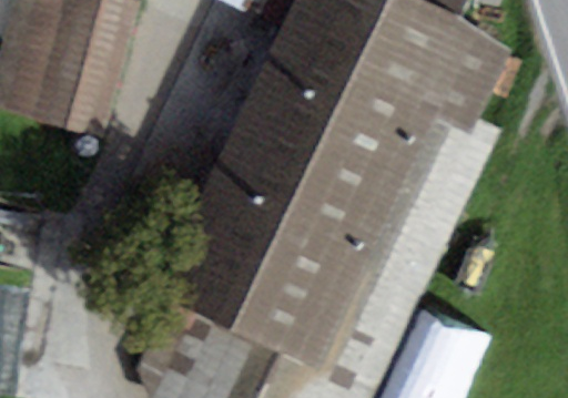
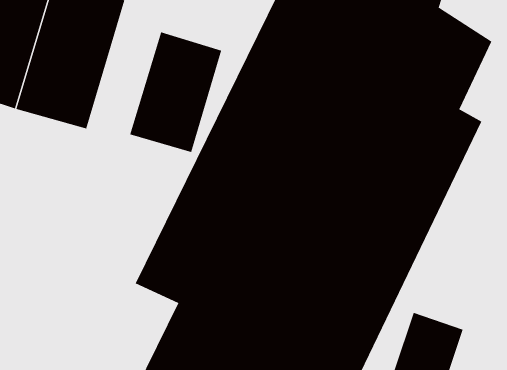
building: none -> [130,31,222,153]

